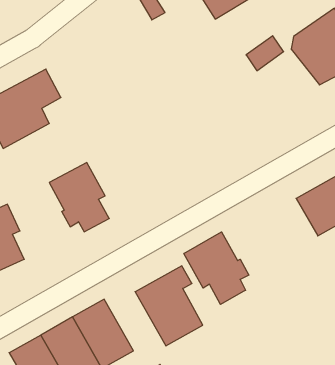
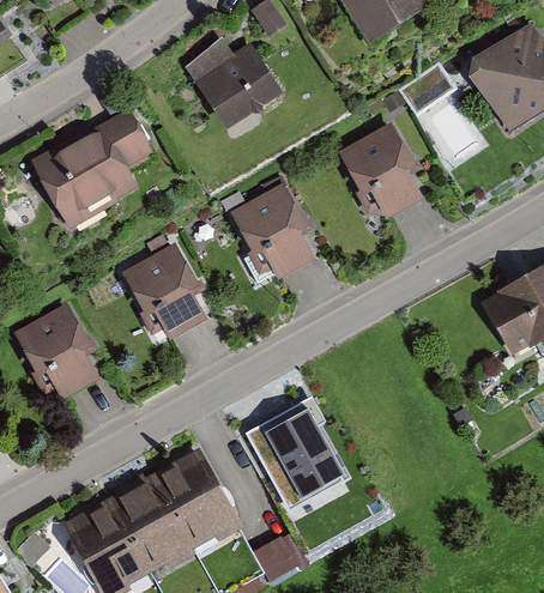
building: none -> [191,40,288,134]
building: none -> [333,126,417,222]
building: none -> [225,187,309,283]
building: [184,232,249,304] -> none

